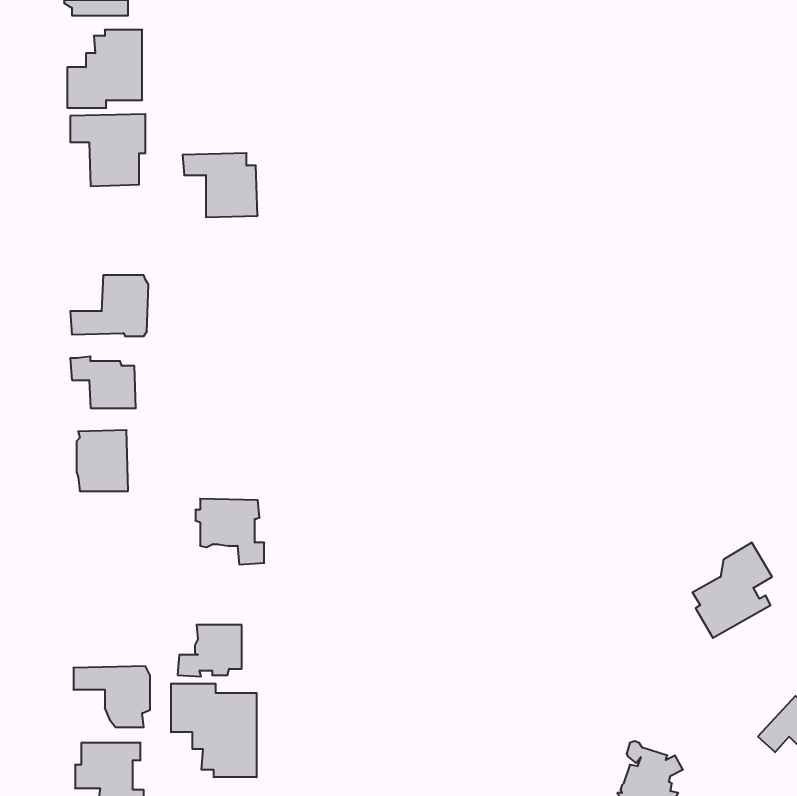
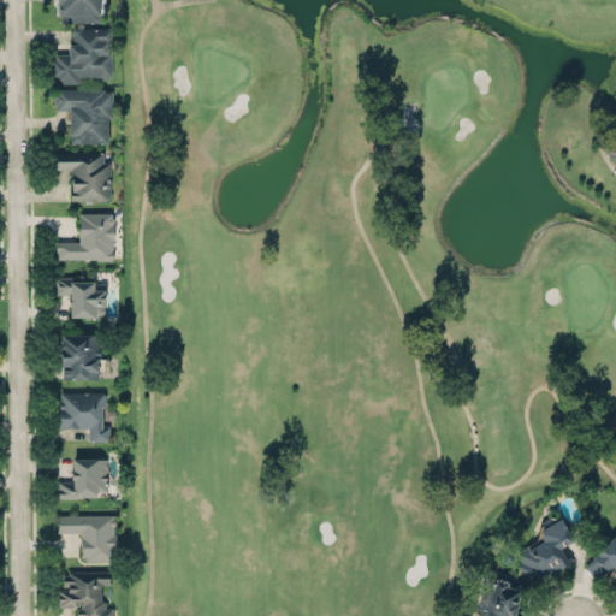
building: [183,153,258,217] -> [54,154,112,203]
building: [195,499,264,564] -> [57,392,109,443]
building: [692,542,772,638] -> [516,515,578,588]
building: [178,625,242,677] -> [58,460,107,499]
building: [171,684,257,777] -> none

